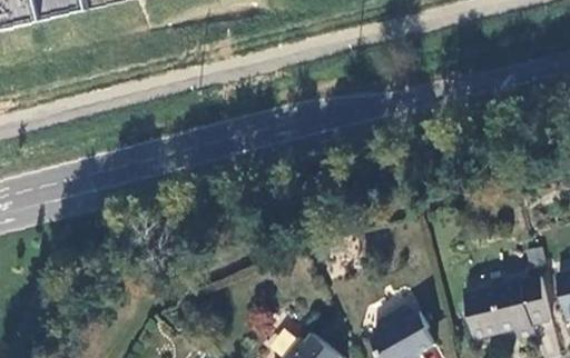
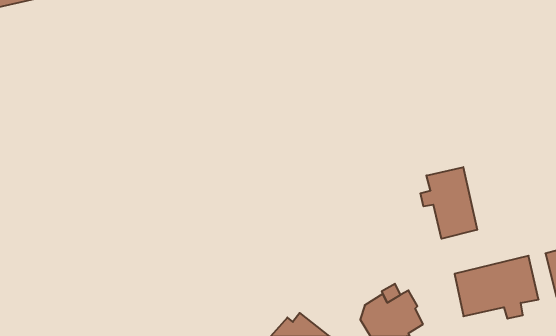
building: none -> [420,167,477,239]

